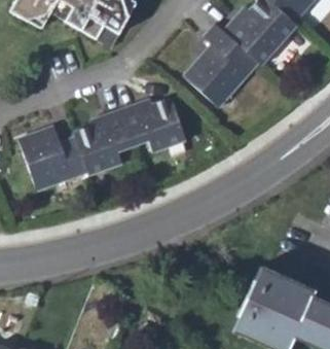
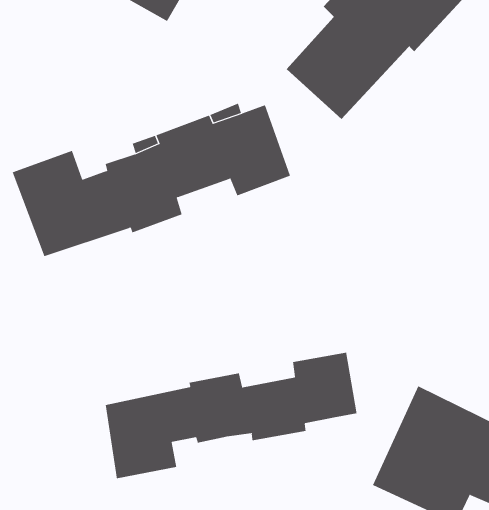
building: none -> [105,352,357,479]

